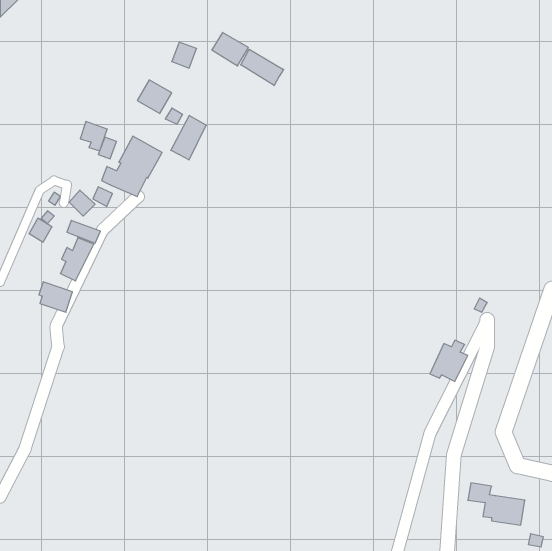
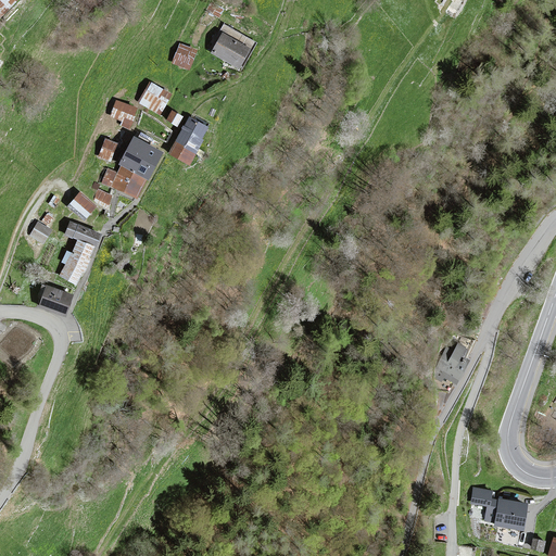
building: [241,49,284,86] -> none
building: [80,122,107,151] -> [111,99,138,128]

